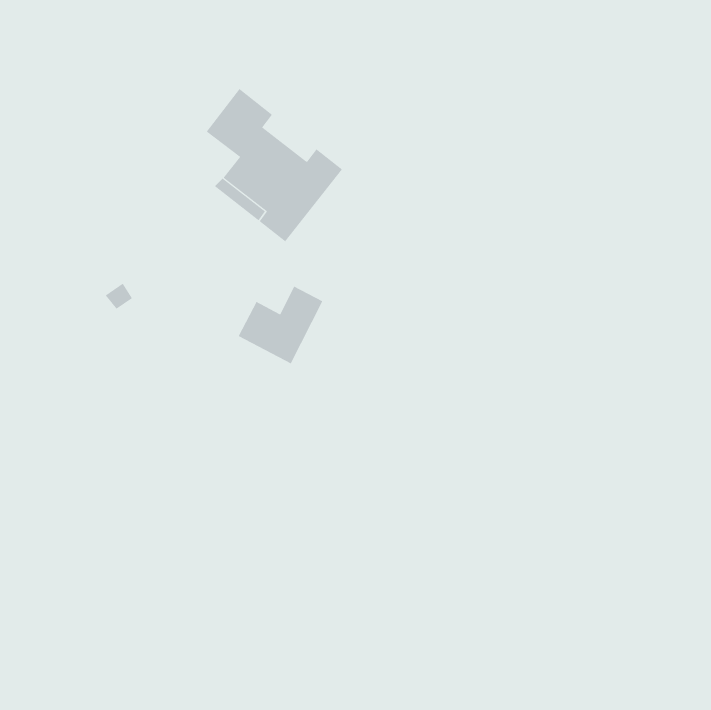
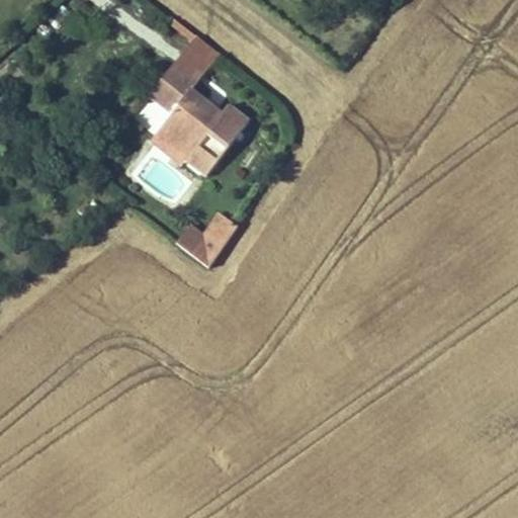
building: none -> [173,36,220,83]

